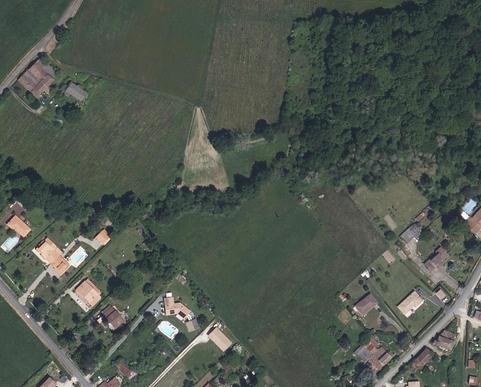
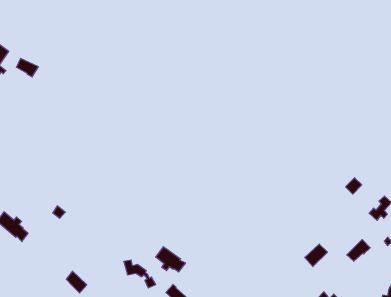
building: [75,278,104,308] -> none
building: none -> [156,247,185,272]

